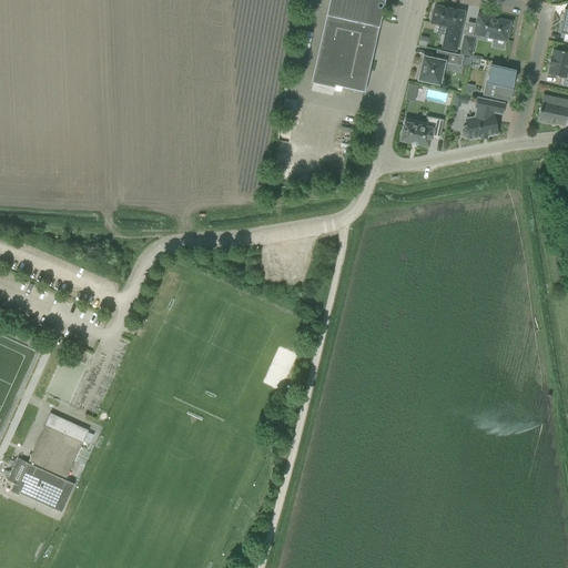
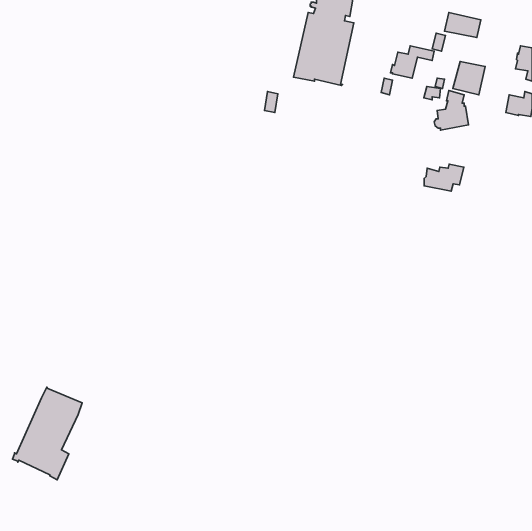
building: [430,4,463,50] -> none
building: [400,116,443,145] -> [424,164,464,191]

